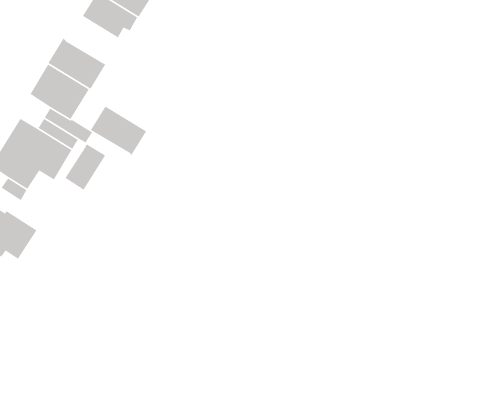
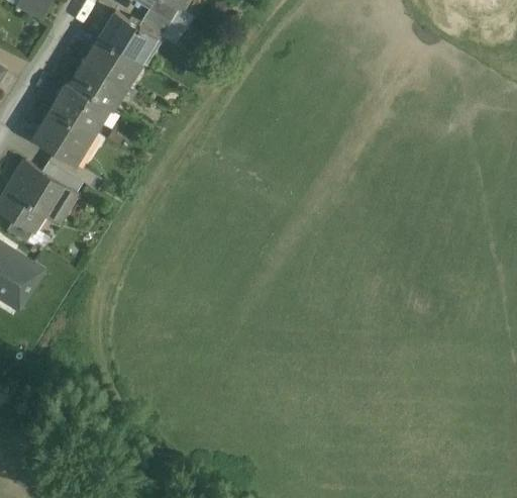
building: [90,106,147,156] -> [71,60,127,109]
building: [64,143,106,190] -> none

